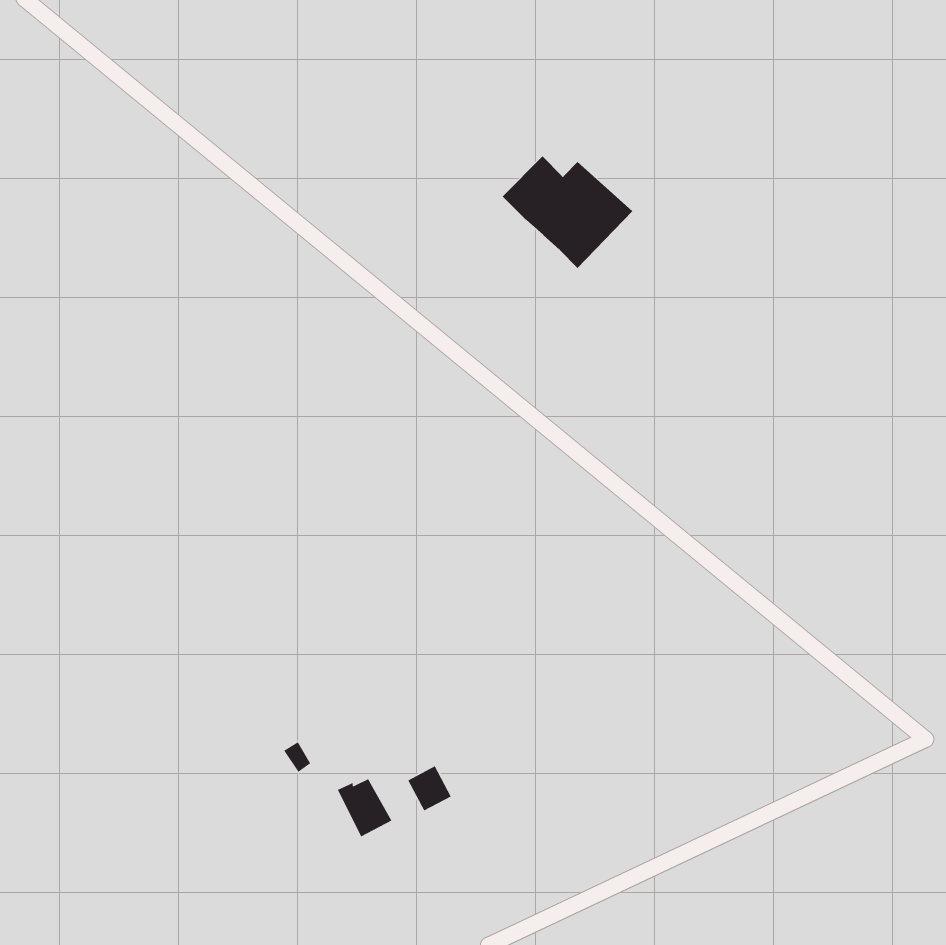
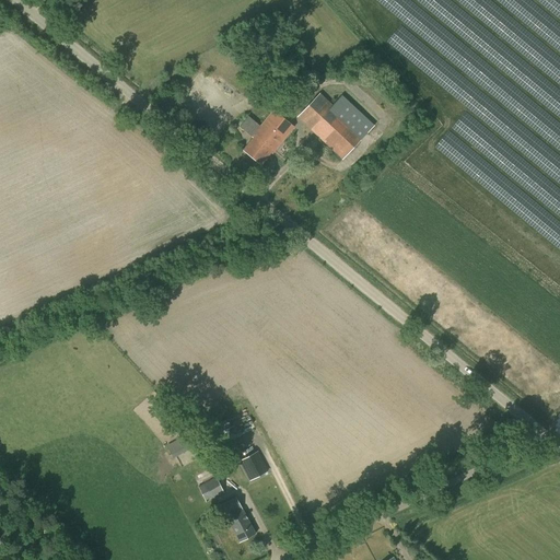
building: none -> [240,108,294,163]
building: none -> [219,495,256,541]

